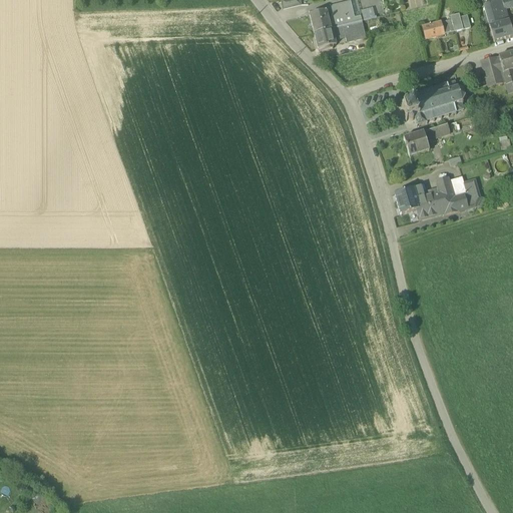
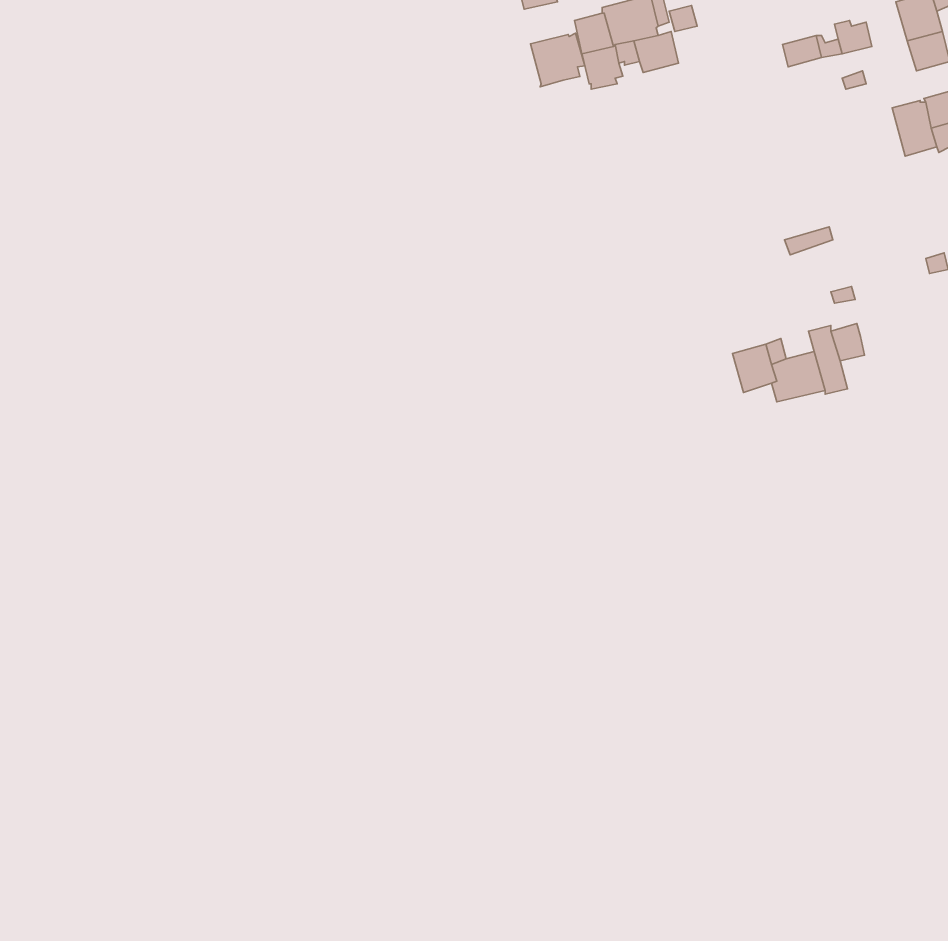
building: none -> [531,33,585,87]
building: [402,79,467,123] -> none
building: [404,129,430,153] -> none
building: [454,178,480,209] -> none

